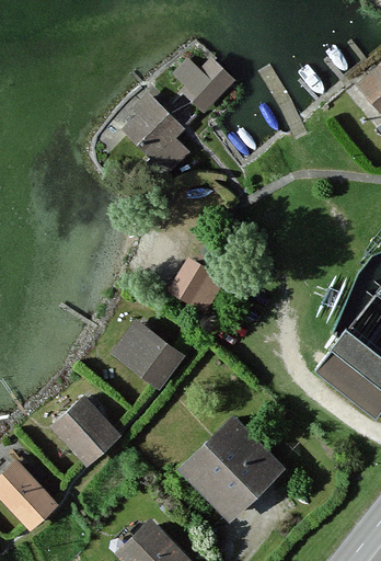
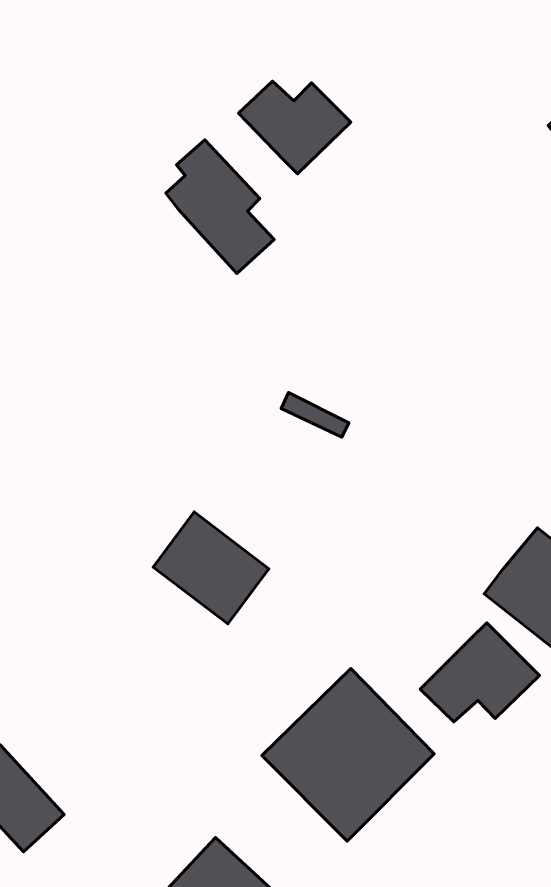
building: [171,259,224,311] -> none
building: none -> [420,623,540,722]
building: [50,397,119,465] -> none

